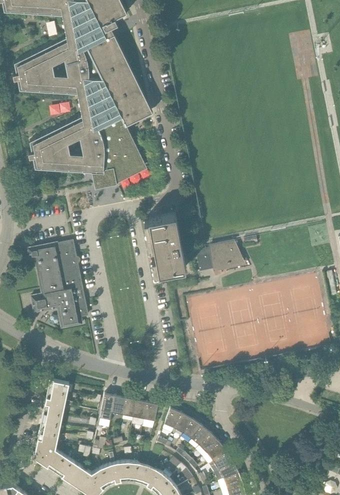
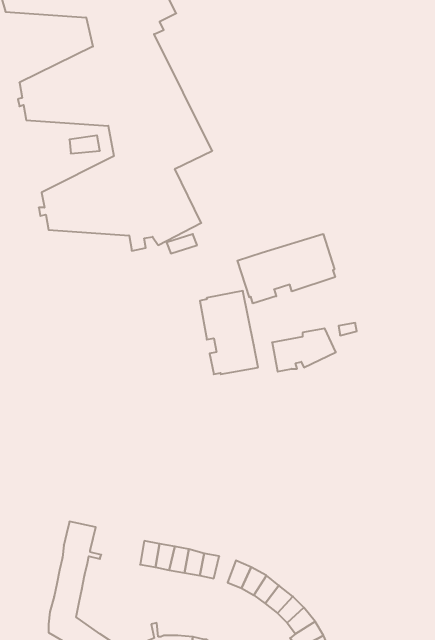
building: none -> [237,234,335,303]
building: [29,241,89,329] -> none

